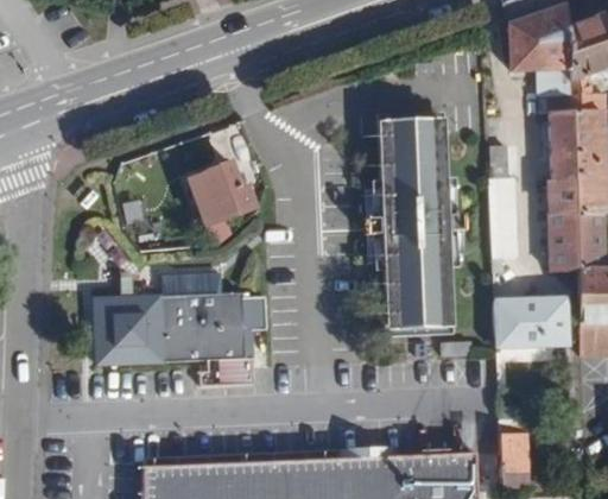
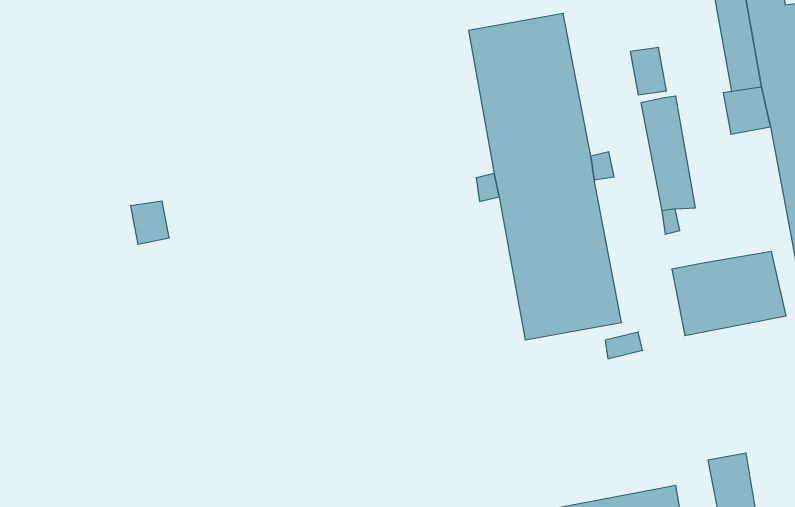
building: [189,162,256,225] -> none
building: [549,211,580,271] -> none
building: [100,273,267,386] -> none

